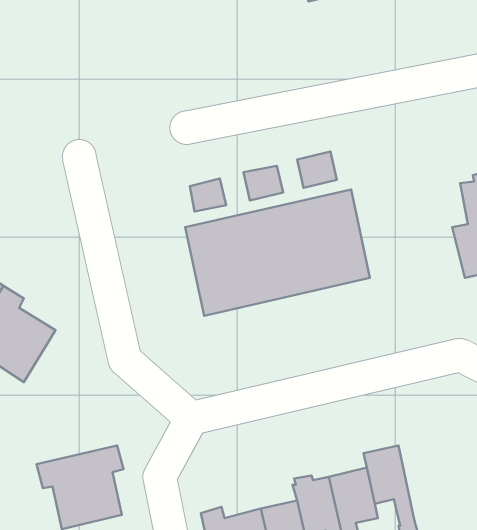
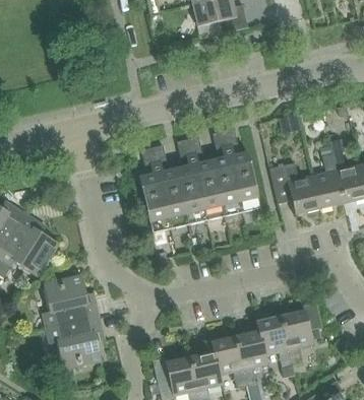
building: none -> [268,162,321,214]
building: none -> [43,275,98,328]
building: none -> [279,303,321,363]

